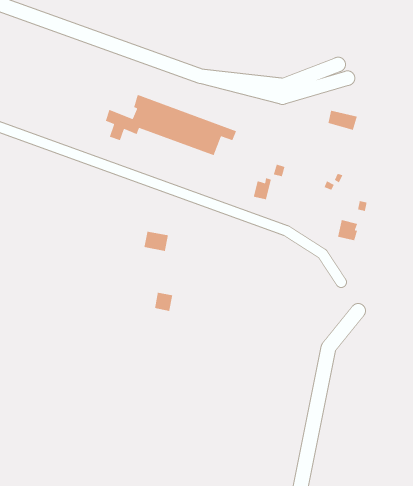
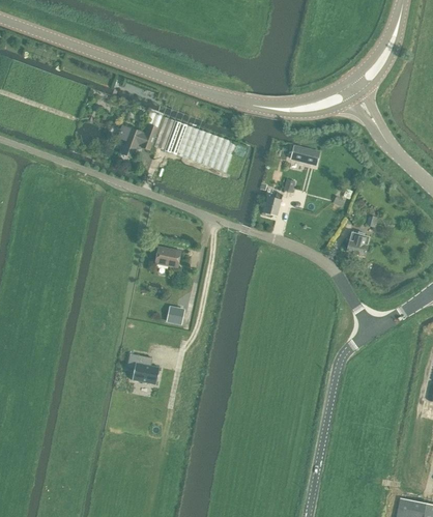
building: [327,110,358,131] -> [290,145,320,166]
building: none -> [126,353,160,384]

